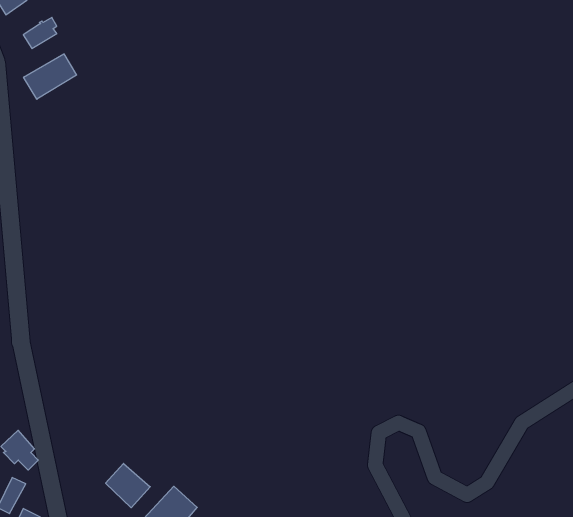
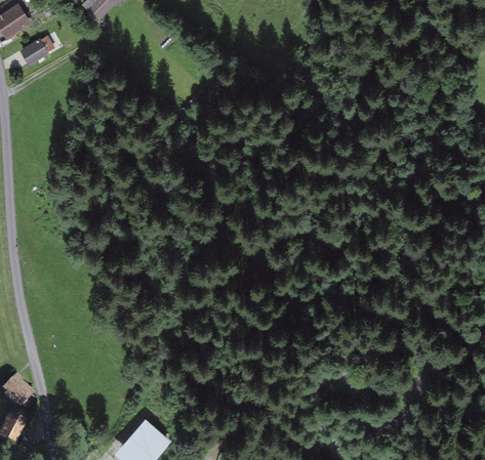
building: [24,54,77,99] -> none
building: [106,463,150,508] -> none

